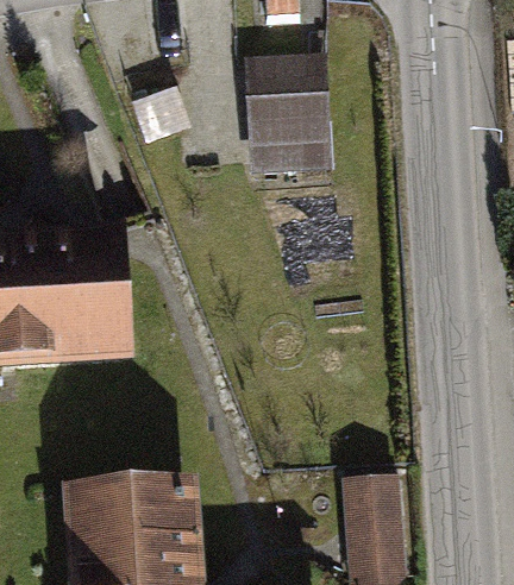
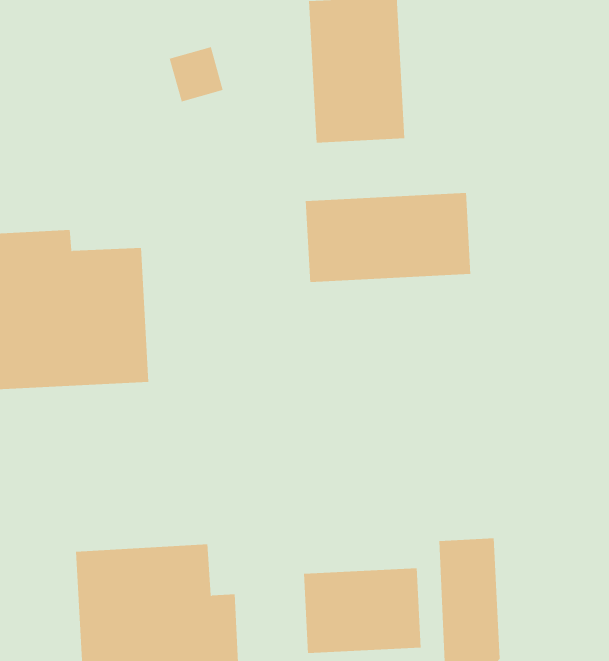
building: none -> [305,192,471,283]
building: none -> [303,567,421,654]

